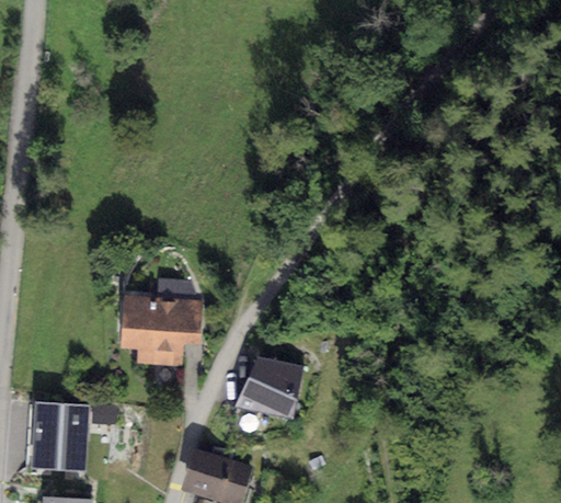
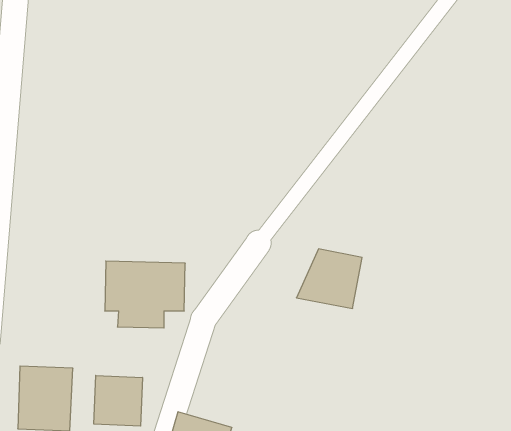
building: [233,357,301,419] -> [296,249,362,308]
building: none -> [94,375,142,426]

